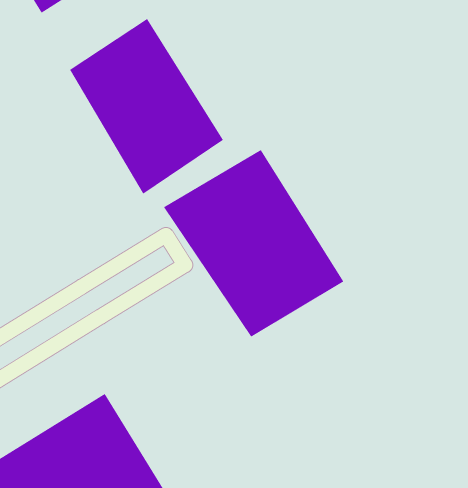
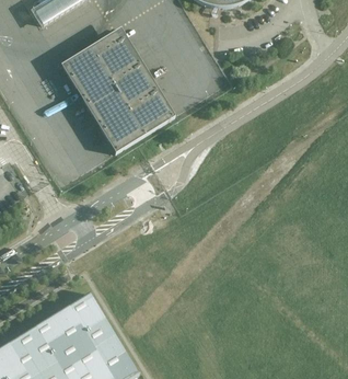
building: [163,149,344,338] -> none

